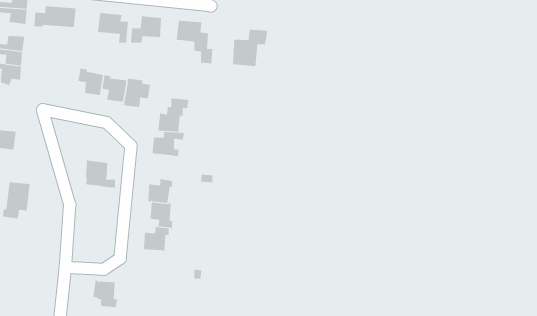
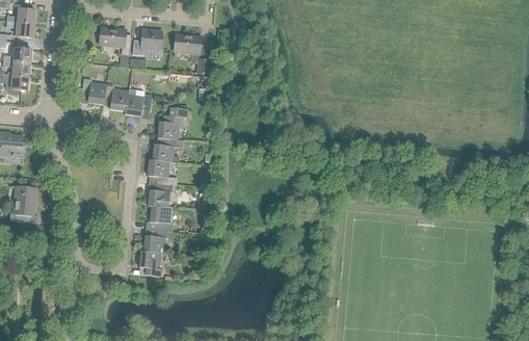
building: [34,5,76,28] -> none
building: [233,29,268,67] -> none
building: [85,160,116,188] -> [148,159,177,186]
building: [93,280,118,307] -> [138,251,162,277]

